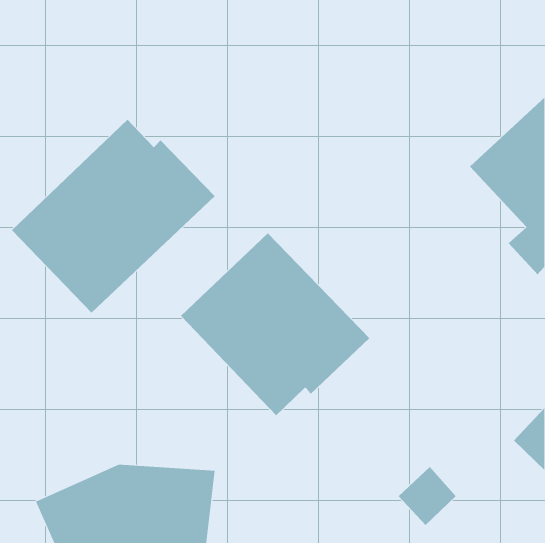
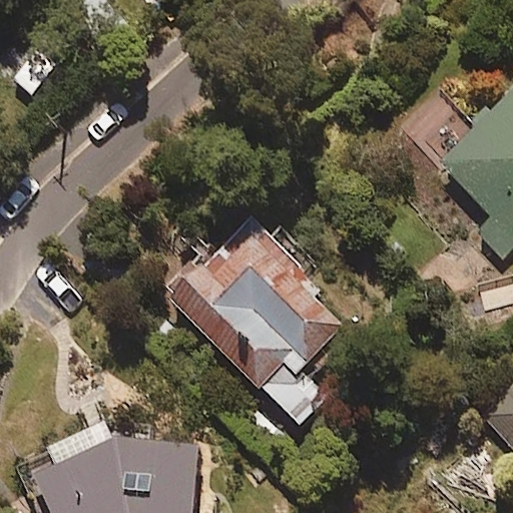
building: [11,119,215,313] -> none

